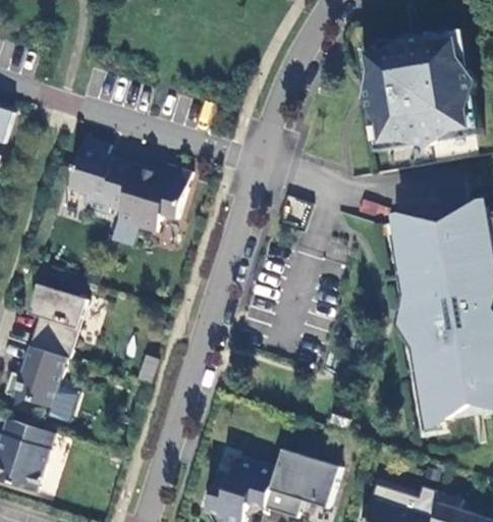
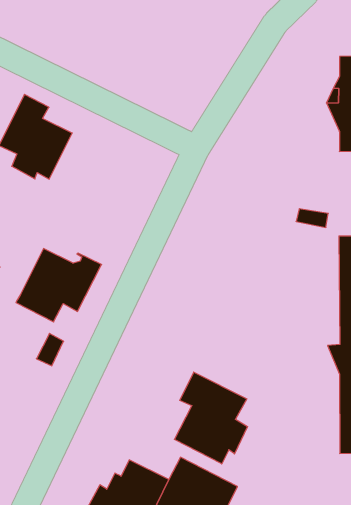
building: [116,164,189,231] -> [16,249,102,322]
building: none -> [174,372,247,464]

